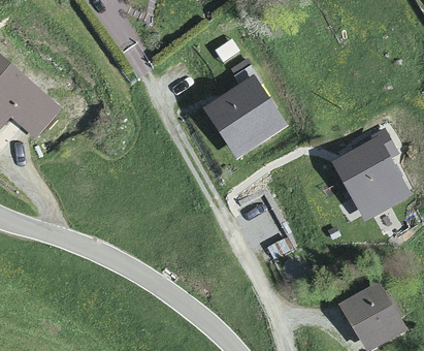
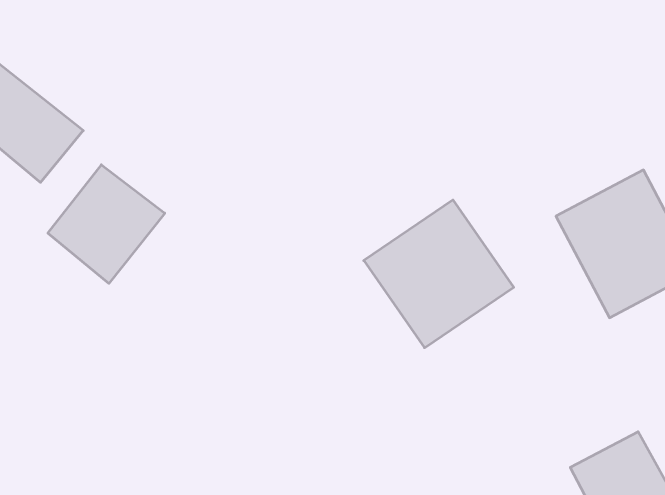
building: [202,75,289,161] -> [364,200,514,348]
building: none -> [48,165,165,283]

